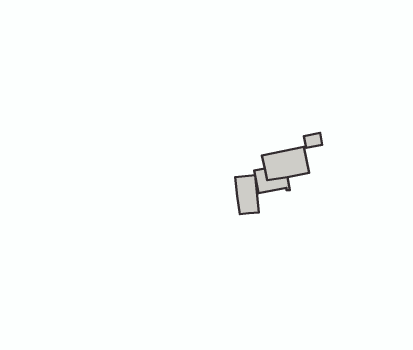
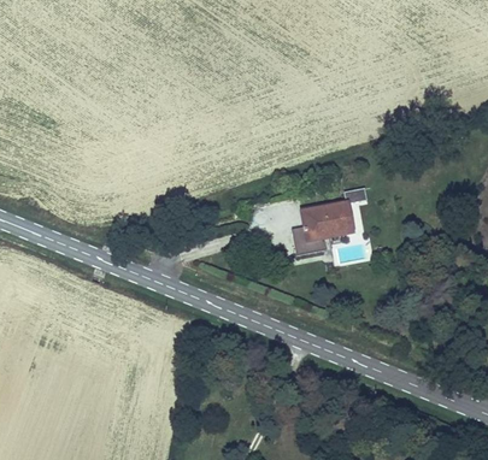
building: [235,175,259,214] -> none

